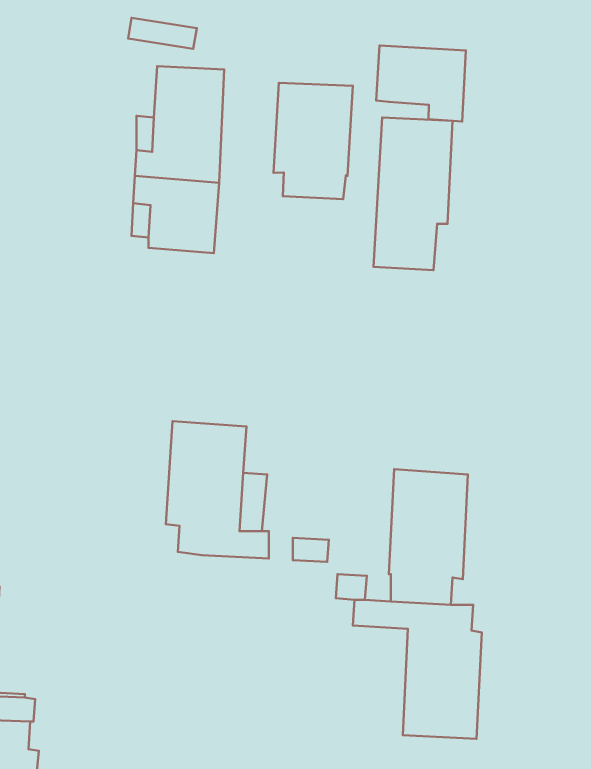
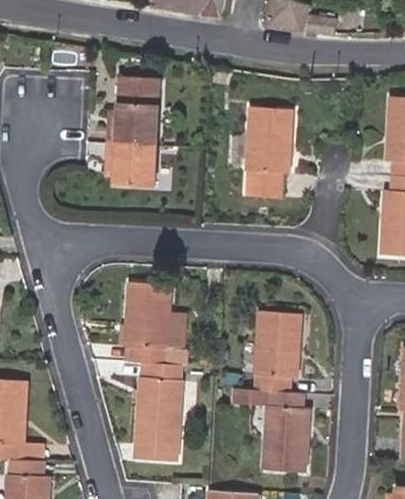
building: [376,45,466,122] -> none
building: [274,83,353,199] -> none
building: none -> [135,363,184,461]

